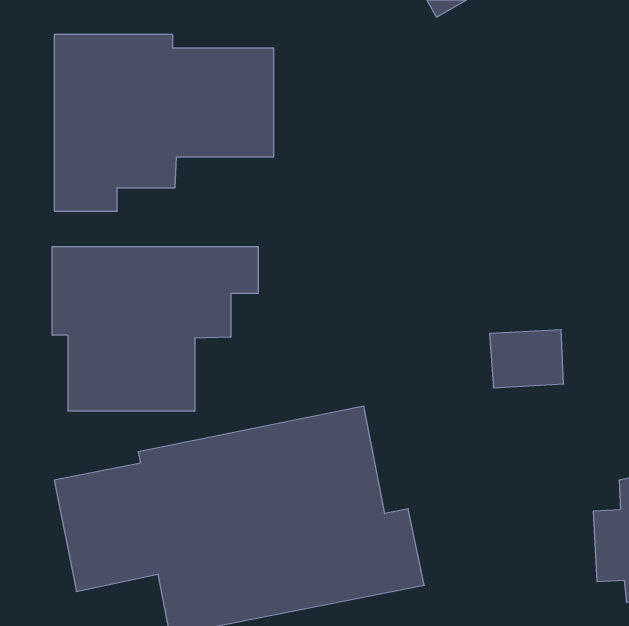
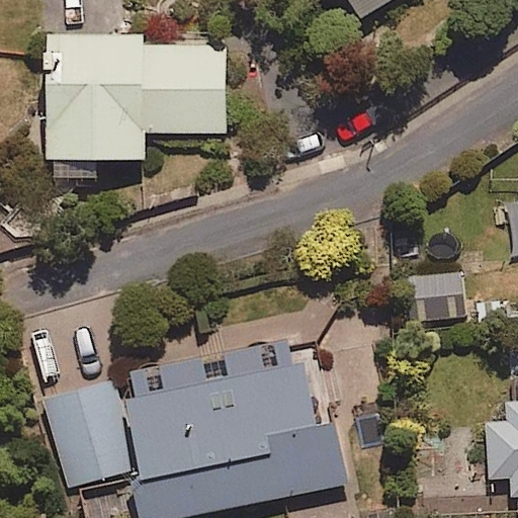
building: [52,246,258,411] -> none

